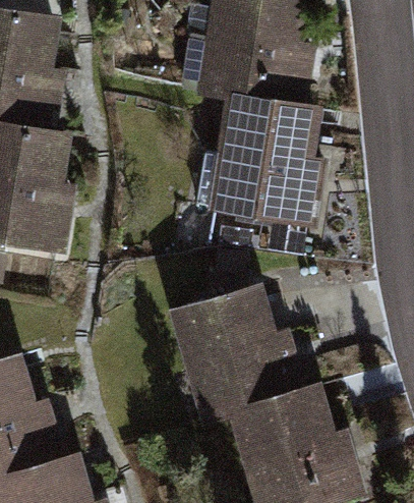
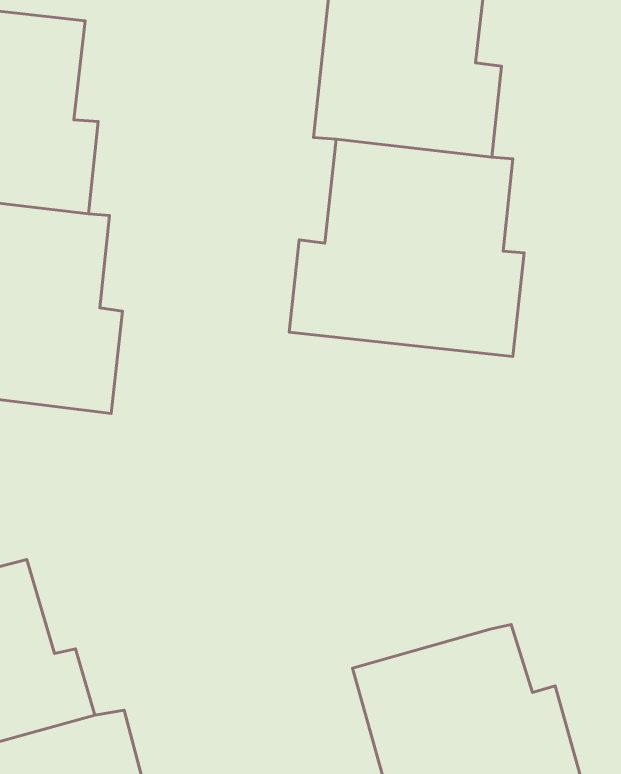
building: [172,283,309,427] -> none

